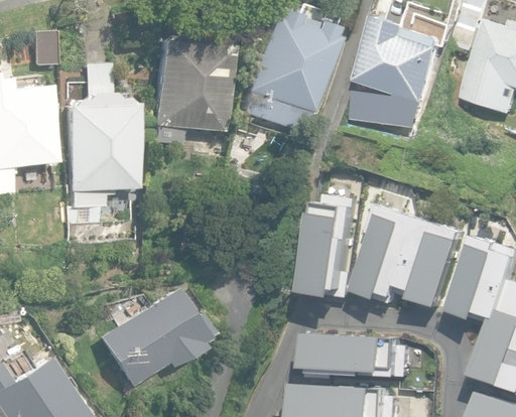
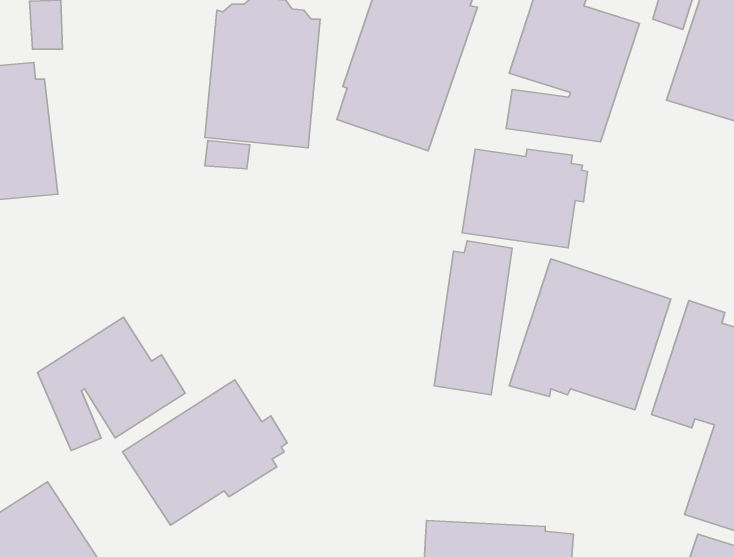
building: [67,63,139,226] -> none
building: none -> [462,149,587,248]
building: none -> [37,317,185,451]
building: [312,333,413,375] -> none

